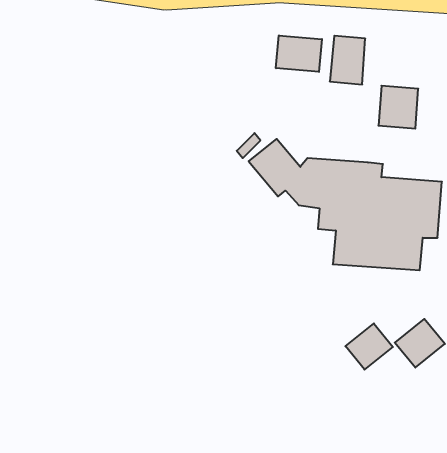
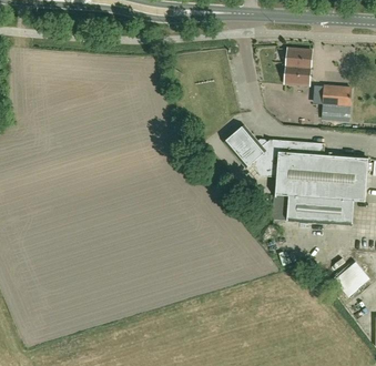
building: [276,35,322,72] -> none
building: [345,323,393,370] -> none

